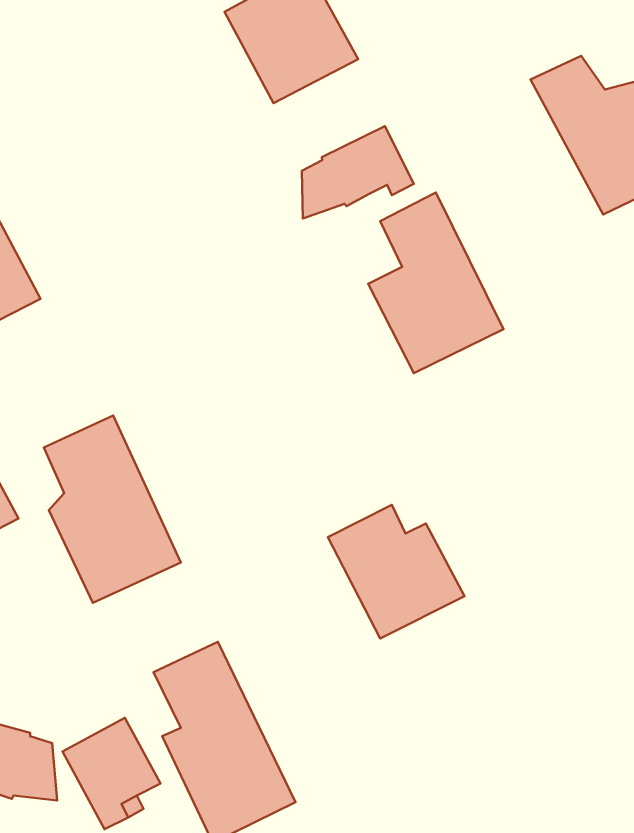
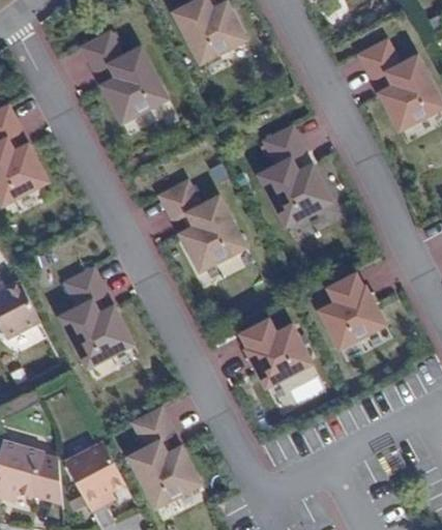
building: none -> [78,28,172,129]
building: [302,126,414,218] -> none
building: none -> [151,175,252,277]
building: none -> [317,270,387,353]

